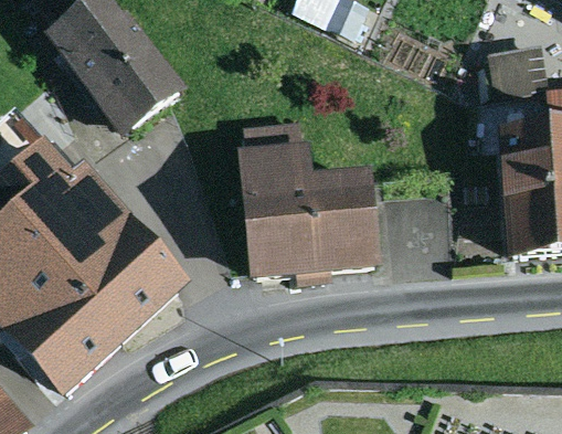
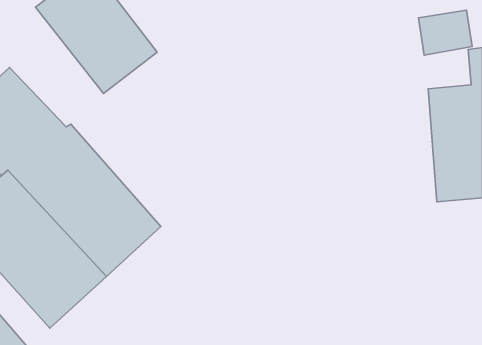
building: [237,115,381,280] -> none

